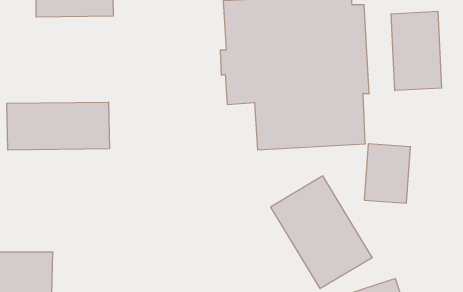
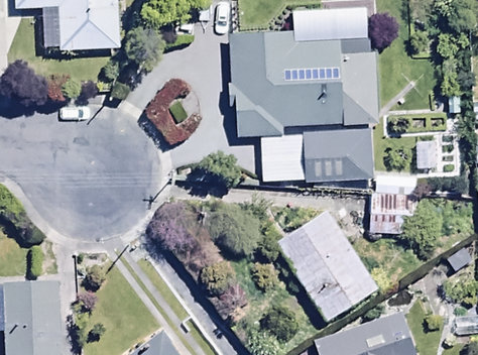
building: [391,11,442,91] -> none
building: [7,102,109,150] -> none

